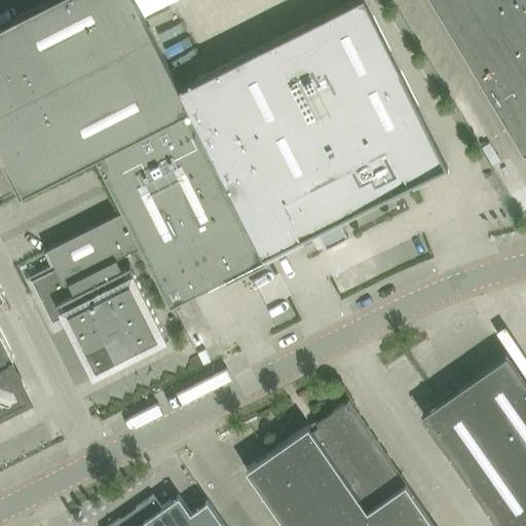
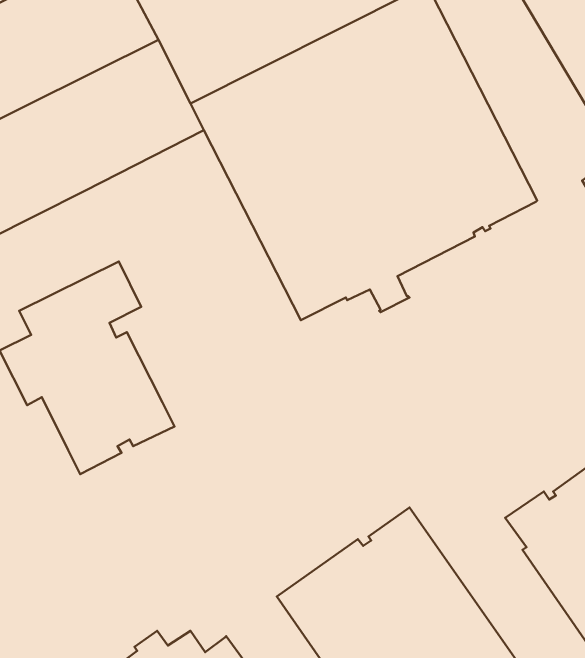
building: [97,113,265,307] -> none

